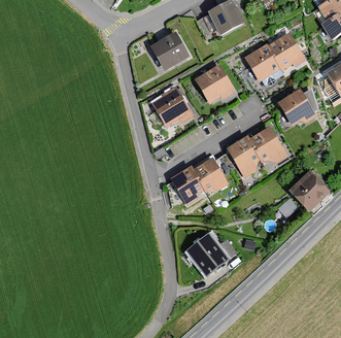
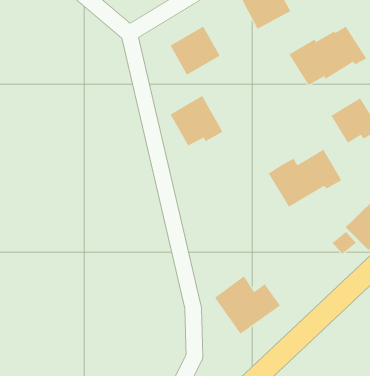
building: [194,64,236,104] -> none
building: [170,158,229,204] -> none

